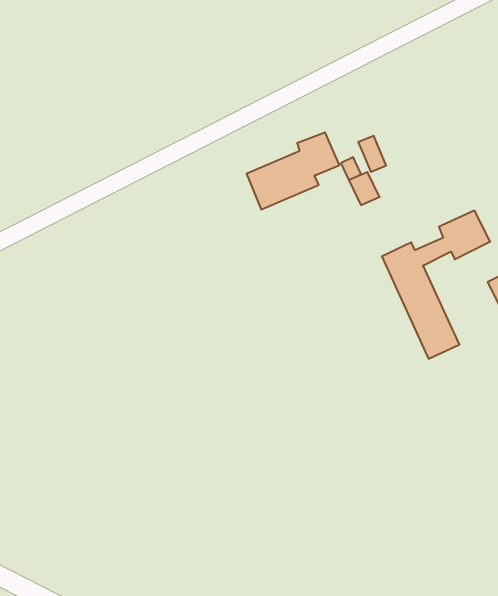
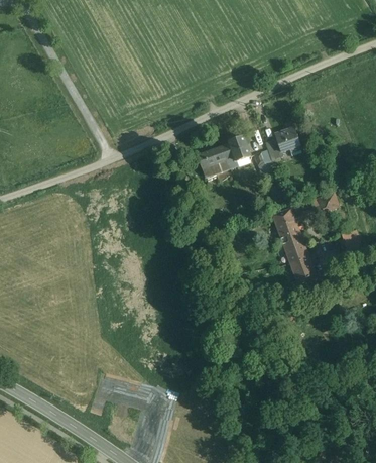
building: none -> [273,126,300,151]

